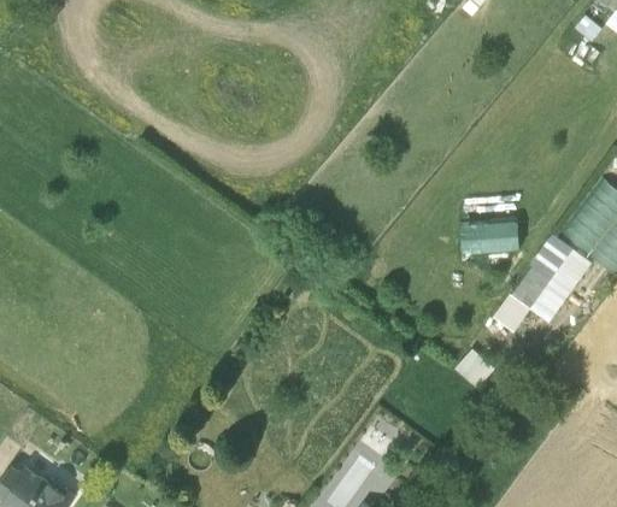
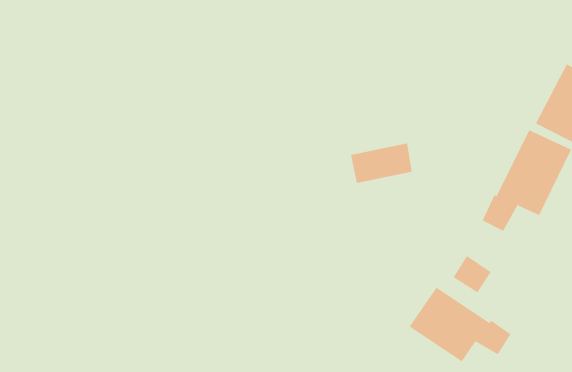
building: [464,217,522,248] -> [350,143,412,184]
building: none -> [409,287,511,362]

